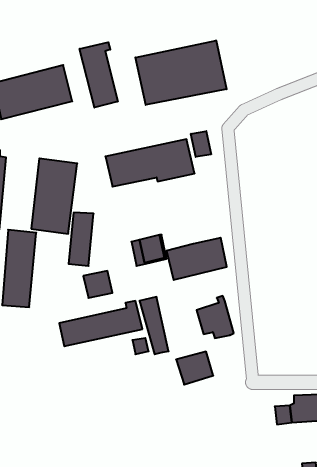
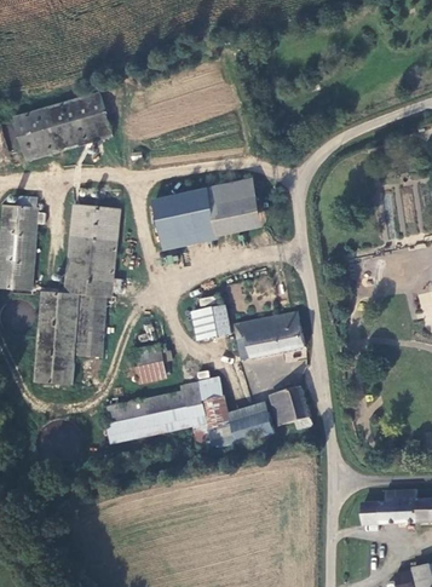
building: [135,40,227,105] -> none
building: [80,42,118,108] -> none
building: [191,131,211,157] -> none
building: [69,213,94,266] -> [71,299,102,363]
building: [176,352,213,385] -> [225,401,270,441]

